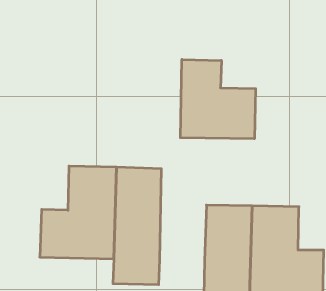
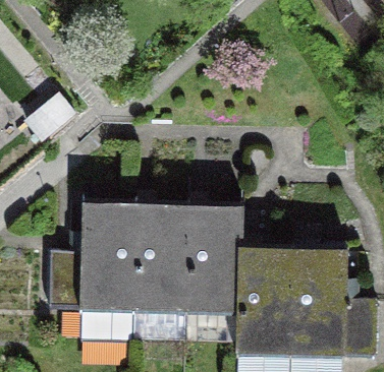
building: [180,59,256,139] -> none
building: none -> [186,206,241,312]

